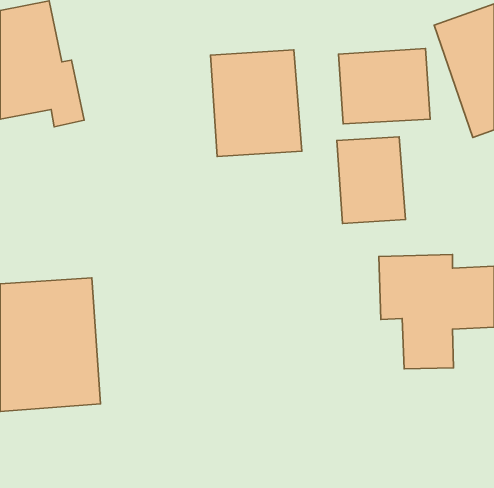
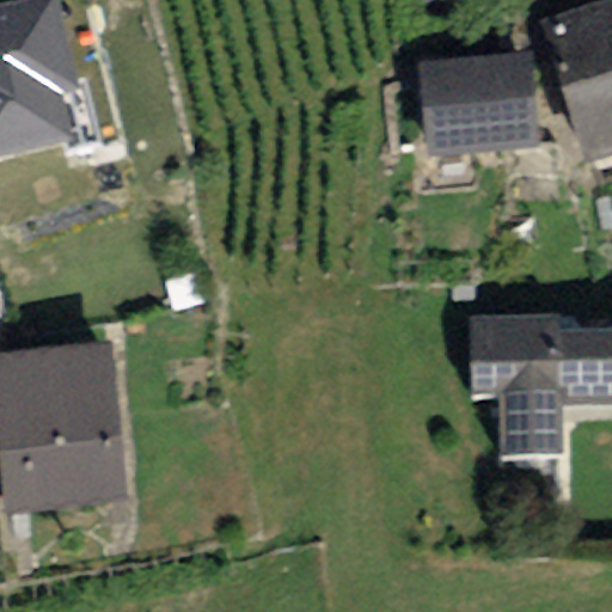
building: [210,50,302,157] -> none
building: [337,137,405,224] -> none

